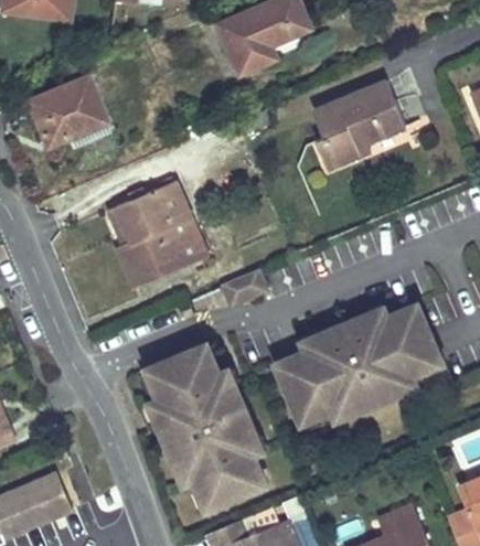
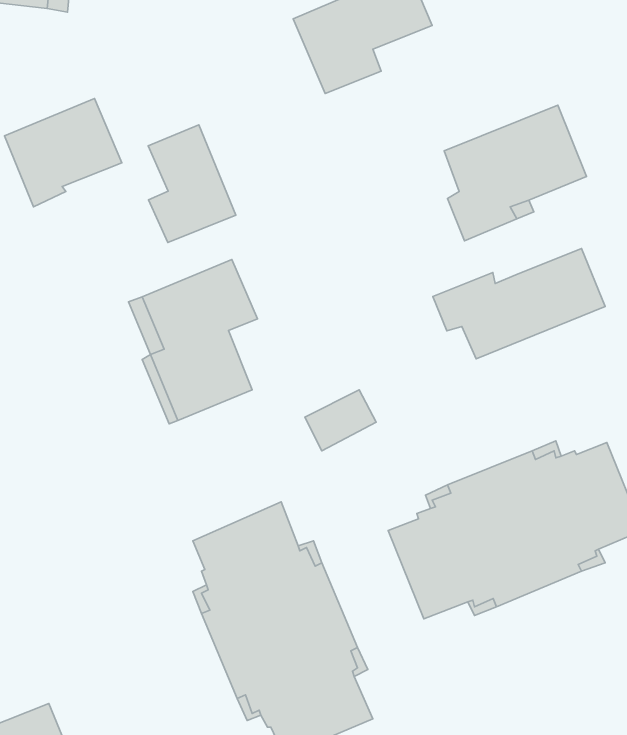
building: none -> [148,125,236,243]
building: none -> [433,248,605,359]

